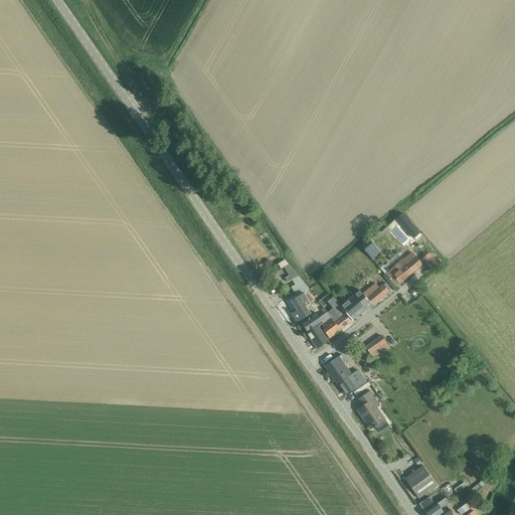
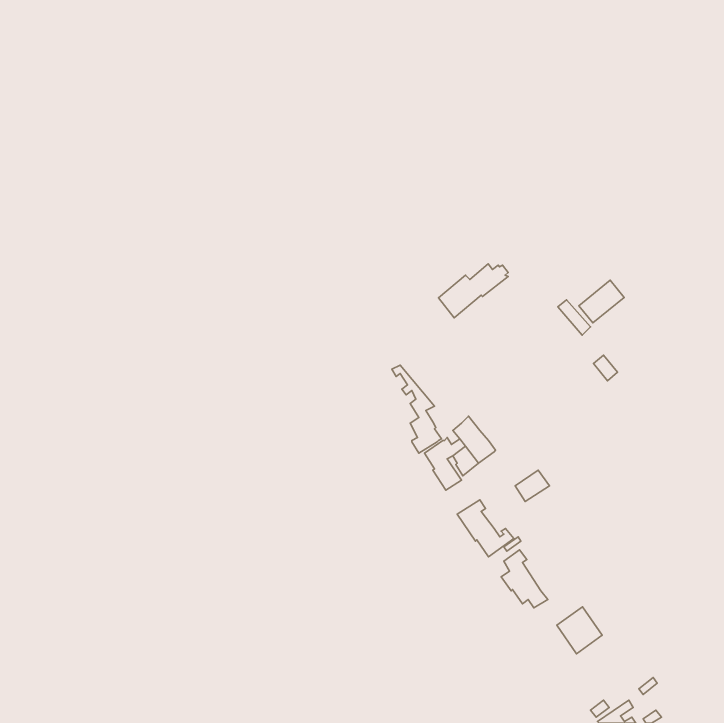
building: [388,251,420,282] -> [579,280,624,323]
building: [340,281,389,319] -> [438,264,508,318]
building: [403,464,436,497] -> [557,607,602,654]

